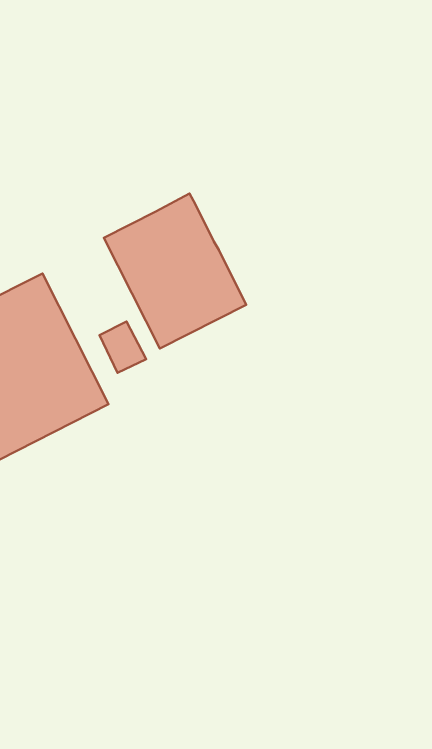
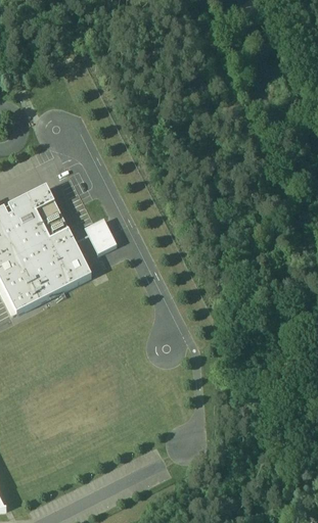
building: [104,194,246,349] -> none

